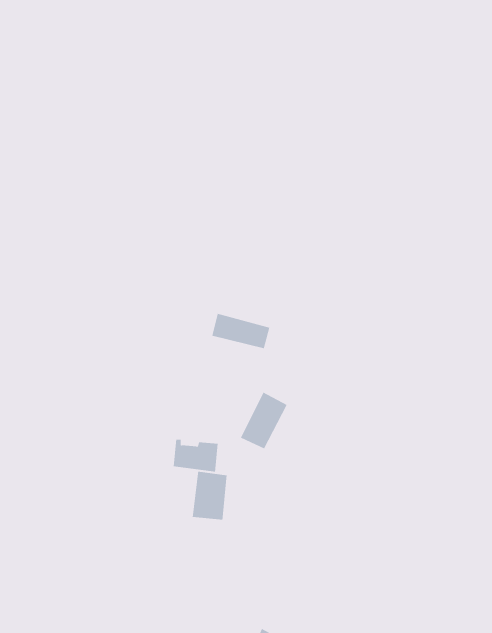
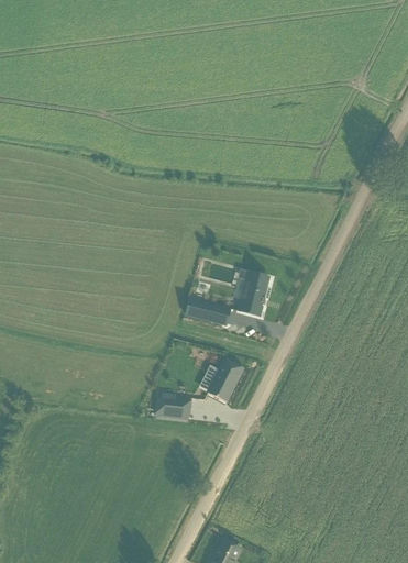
building: none -> [236,275,266,316]
building: [192,471,227,521] -> none

